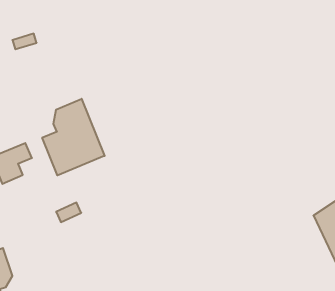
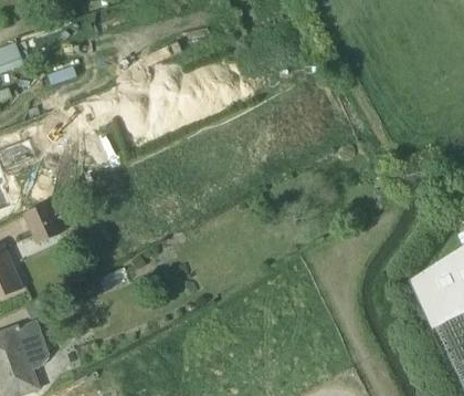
building: [42,99,105,175] -> none

